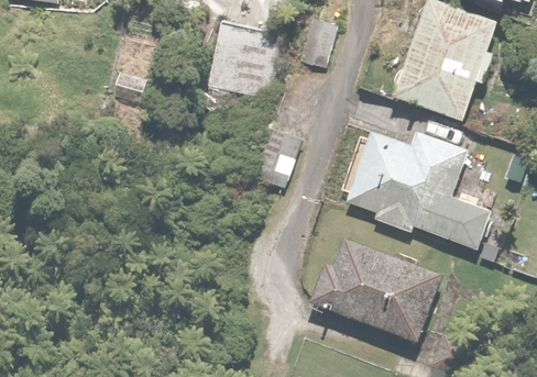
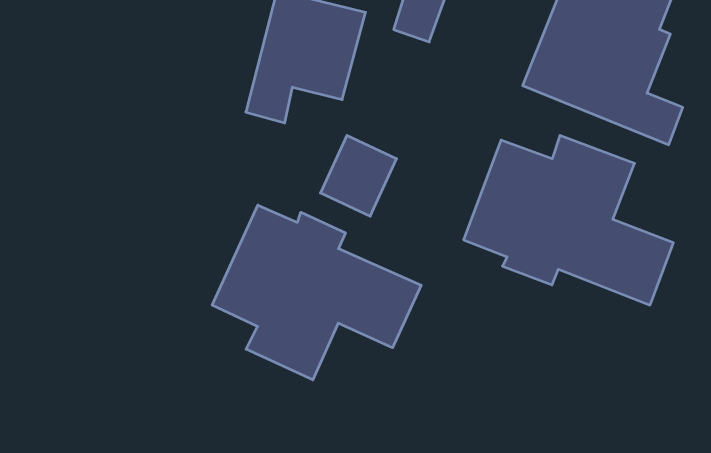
building: none -> [212,205,421,380]
building: [305,241,453,346] -> none

